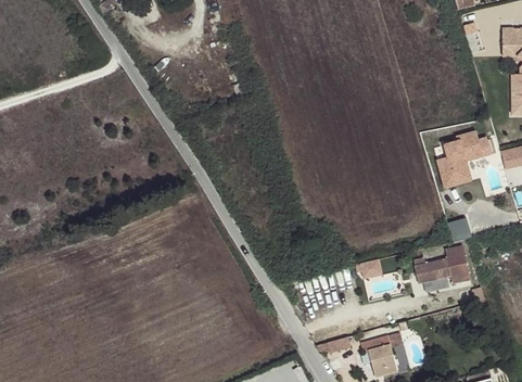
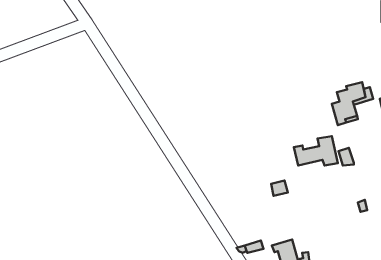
building: [413,245,470,283] -> [294,136,338,166]

